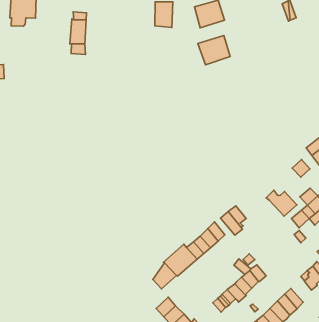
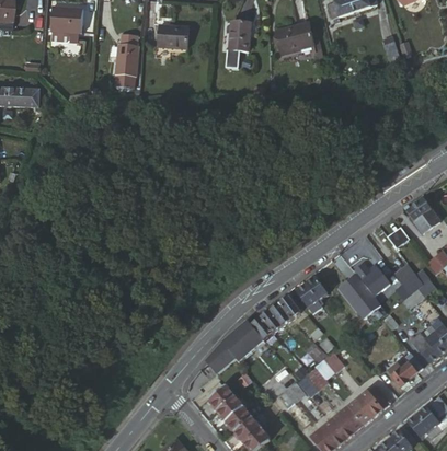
building: none -> [162,24,193,49]
building: [198,35,230,65] -> none
building: none -> [337,274,380,317]

